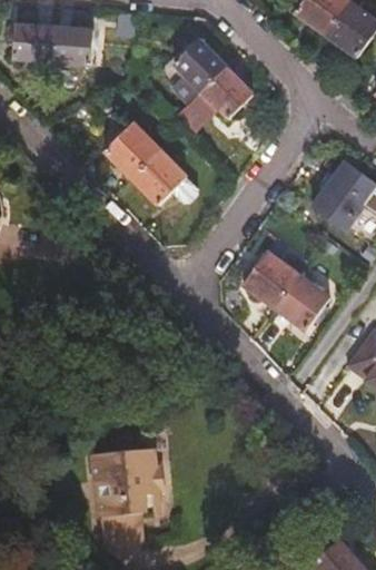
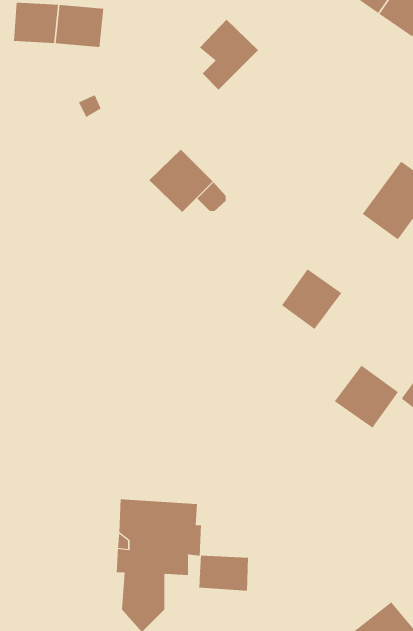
building: [180,66,253,127] -> none
building: [103,122,158,177] -> none
building: [273,274,328,328] -> [334,365,399,429]
building: none -> [199,555,248,592]

